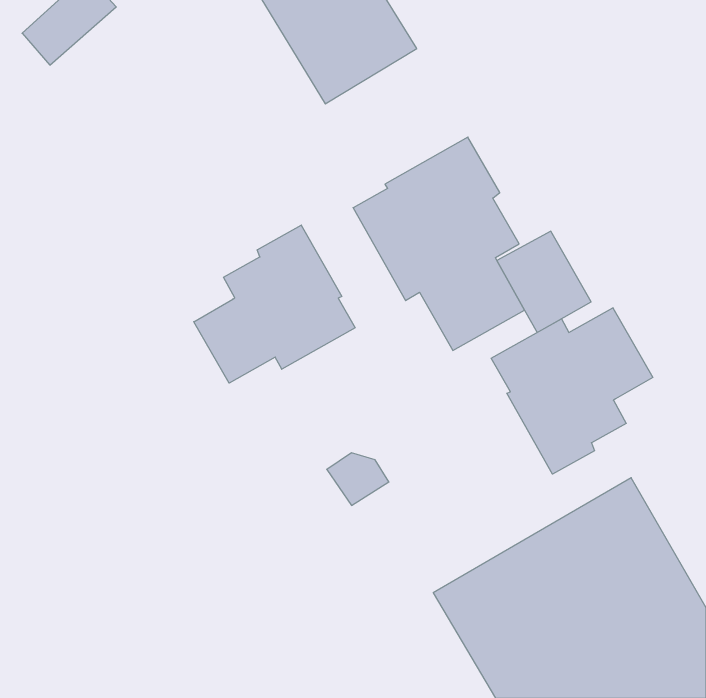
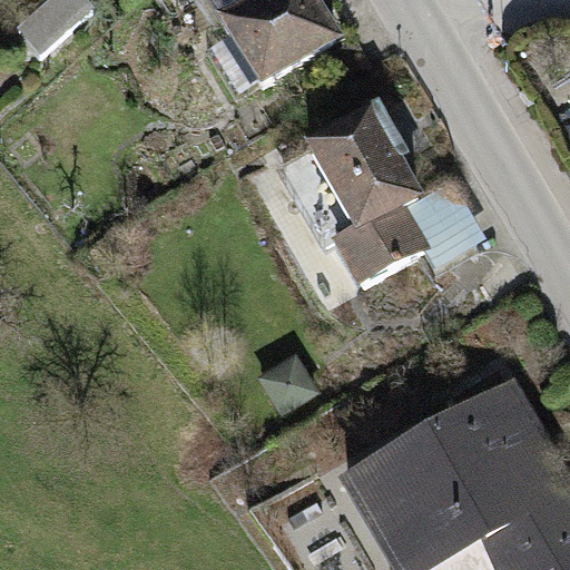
building: [194,225,355,383] -> none
building: [491,308,653,474] -> none

